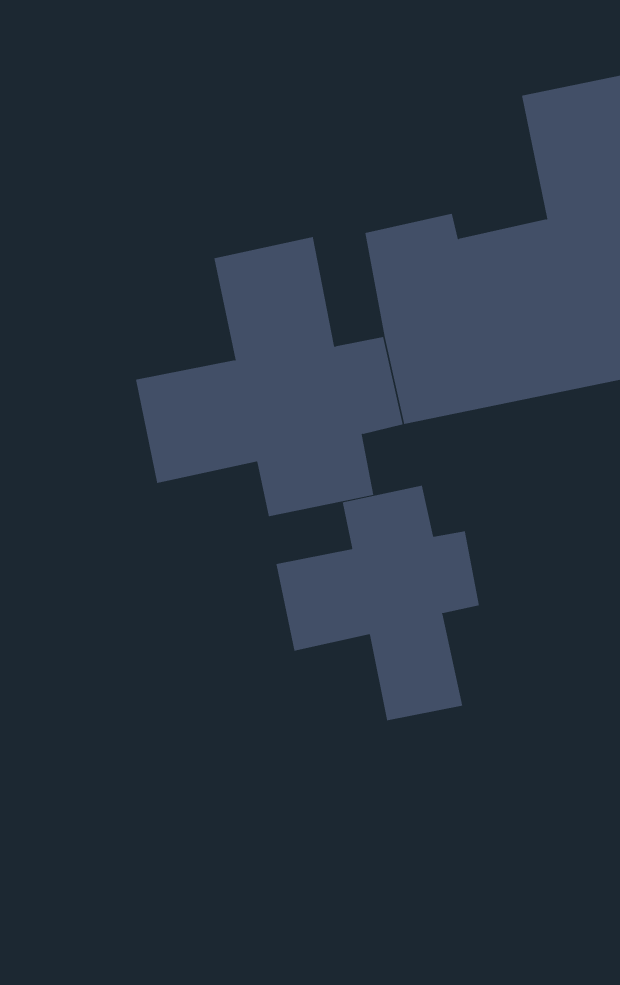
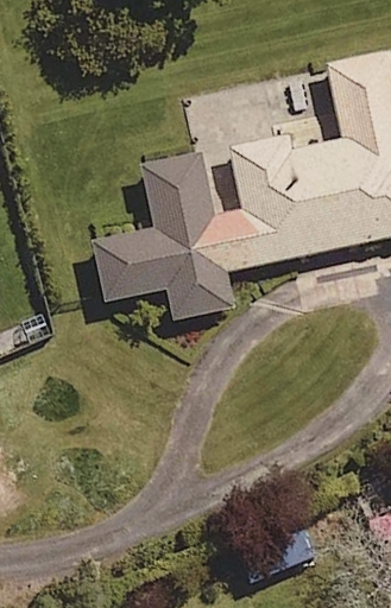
building: [276,485,480,721] -> none

